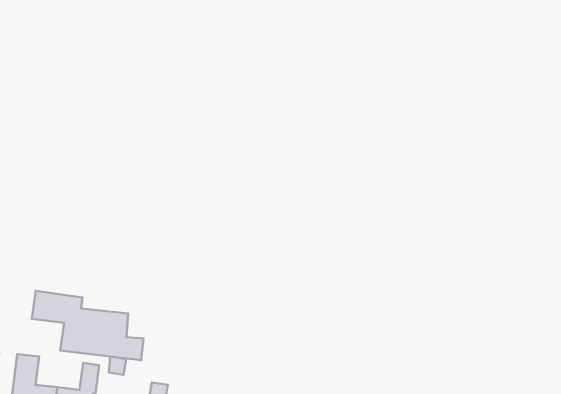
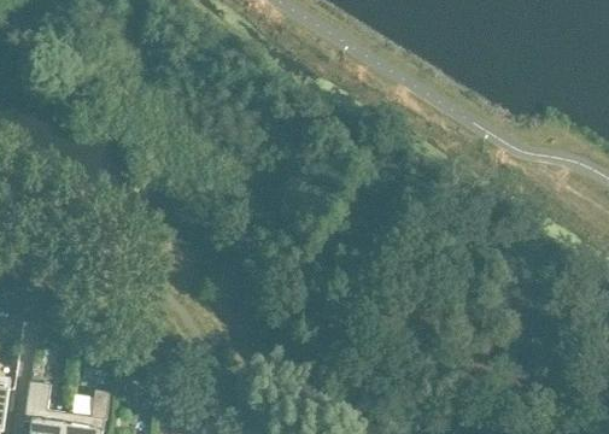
building: [32,291,144,360] -> none

